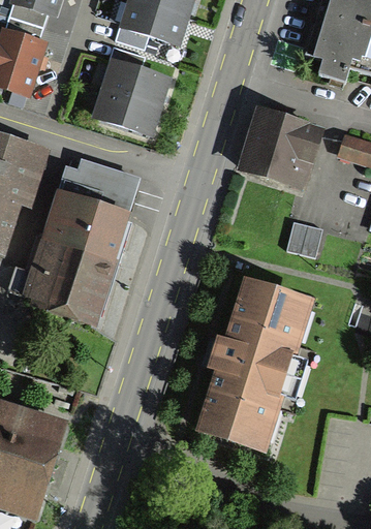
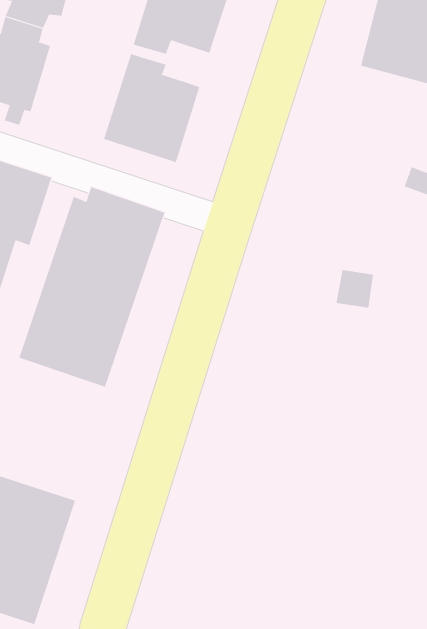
building: [240,112,315,185] -> none
building: [197,283,321,459] -> none

